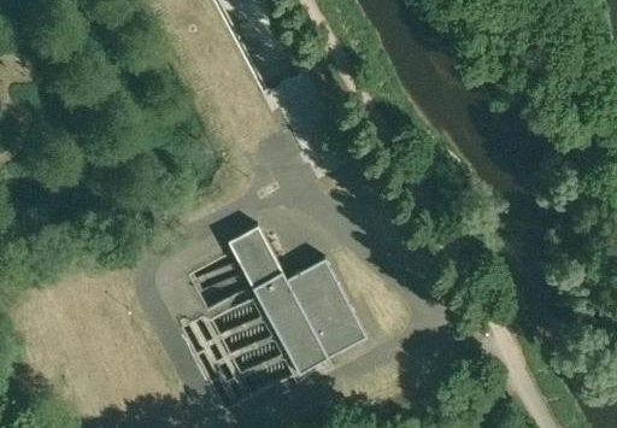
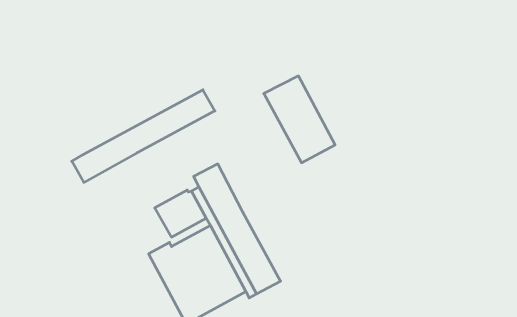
building: none -> [72,90,215,182]
building: [287,258,369,358] -> [264,76,335,163]

